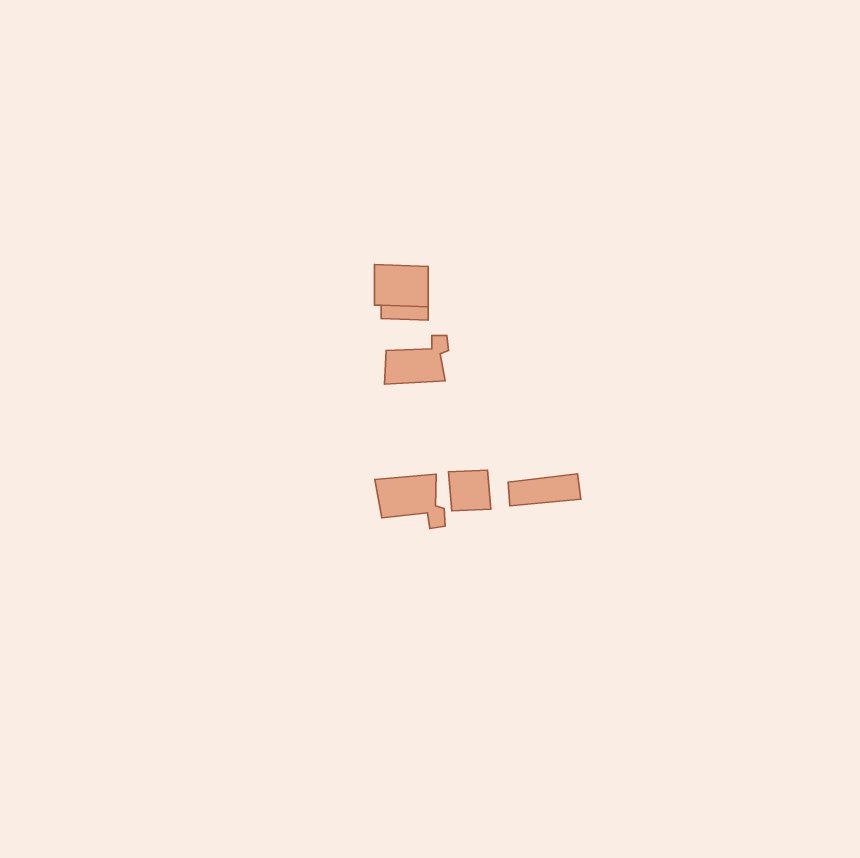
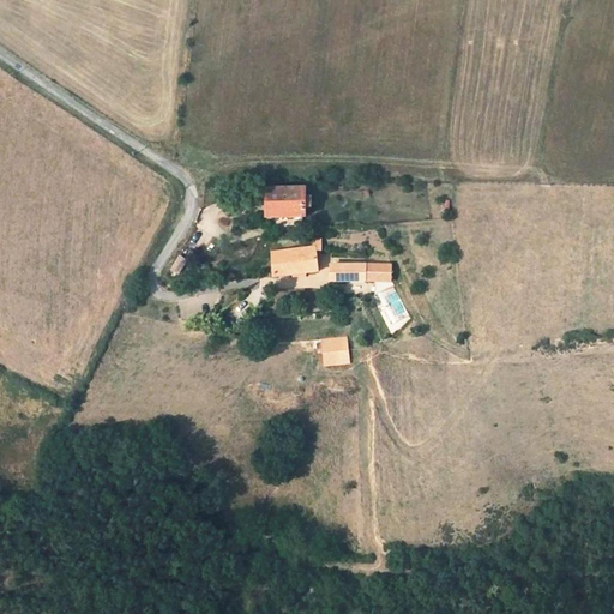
building: [508,474,581,506] -> [330,258,381,281]
building: [375,474,445,528] -> none

